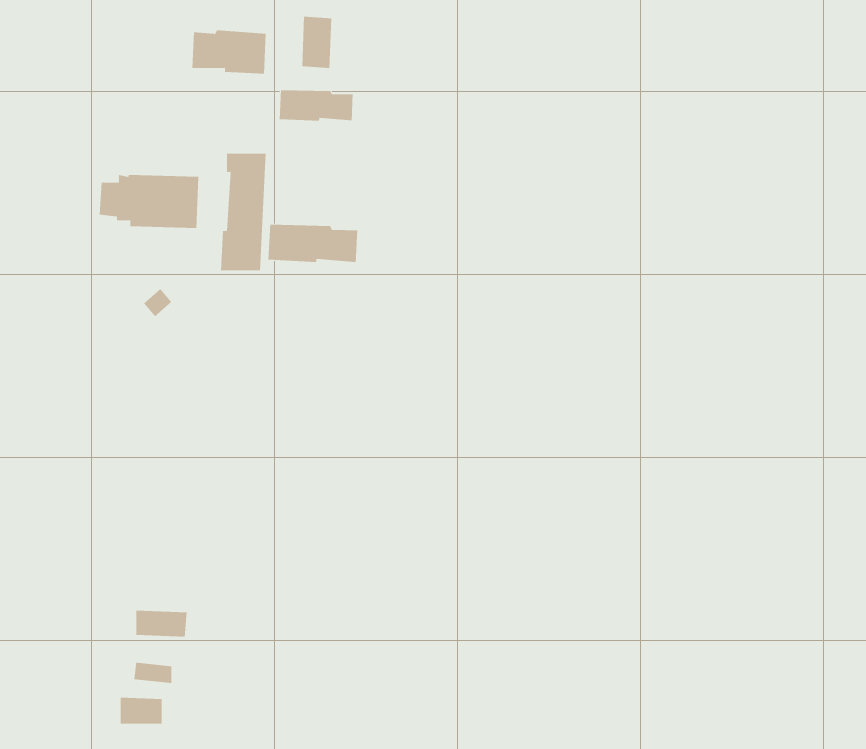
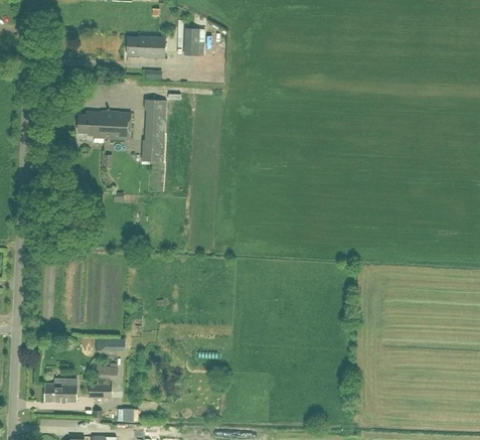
building: [279,89,353,121] -> none
building: [268,224,358,263] -> none
building: none -> [44,378,76,401]

